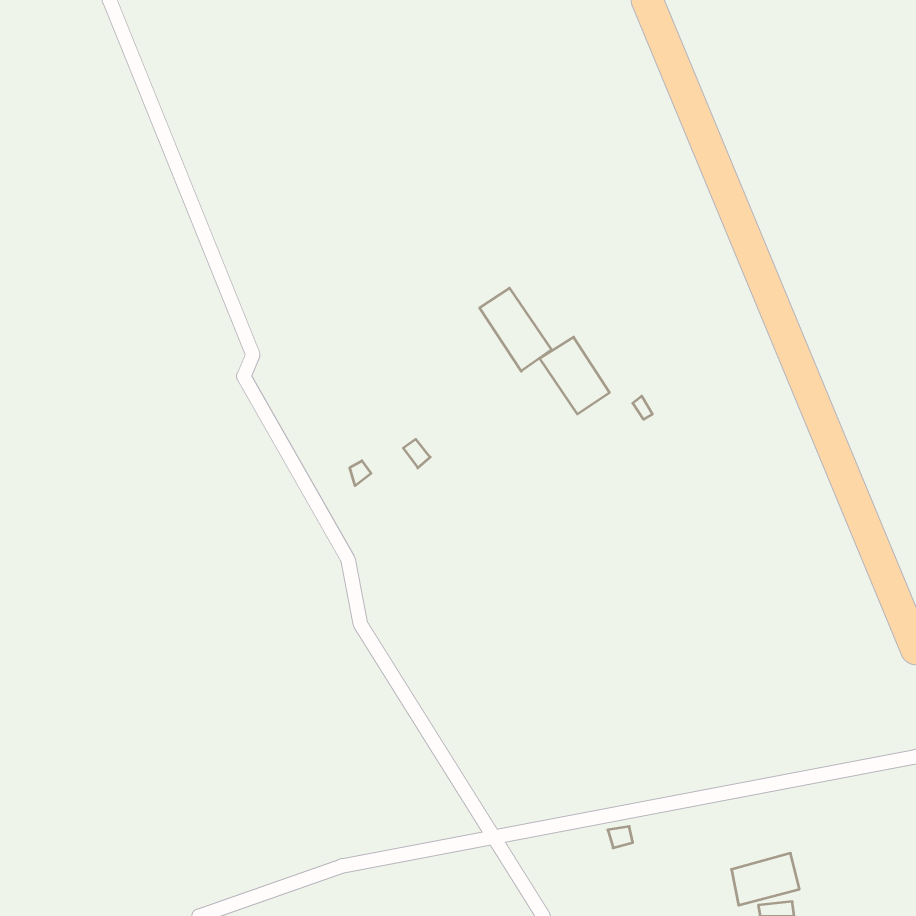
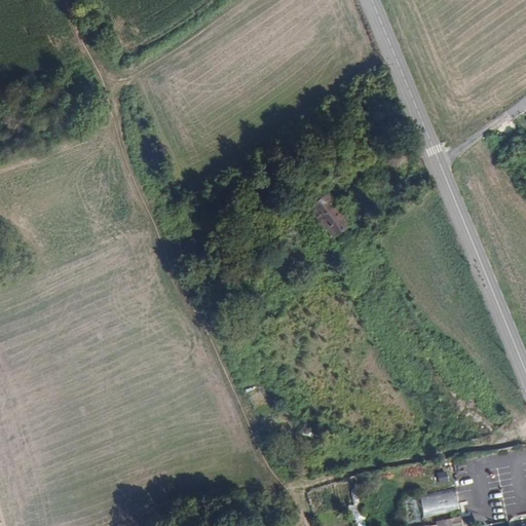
building: [480,288,552,371] -> none

